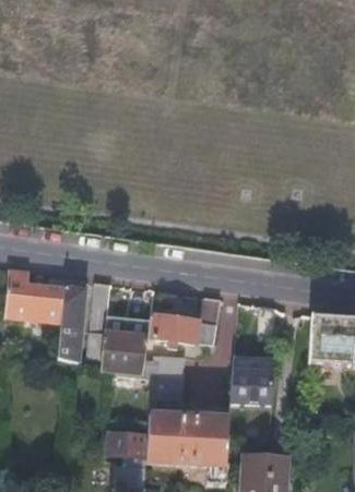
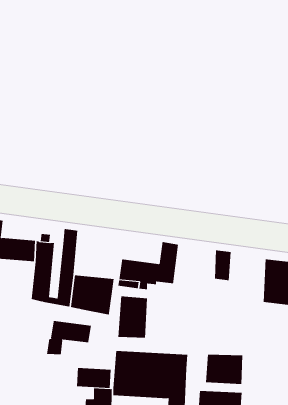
building: [230,369,272,401] -> [205,354,243,384]
building: none -> [47,320,92,355]

